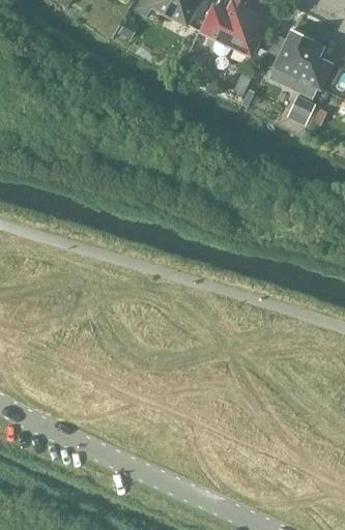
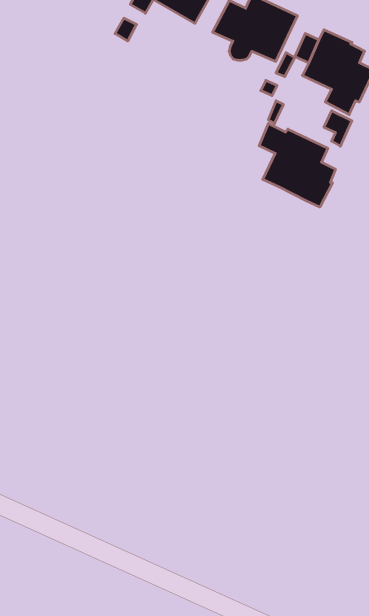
building: none -> [259,123,335,207]

